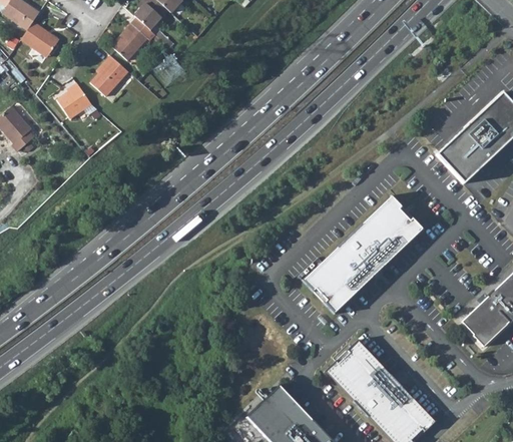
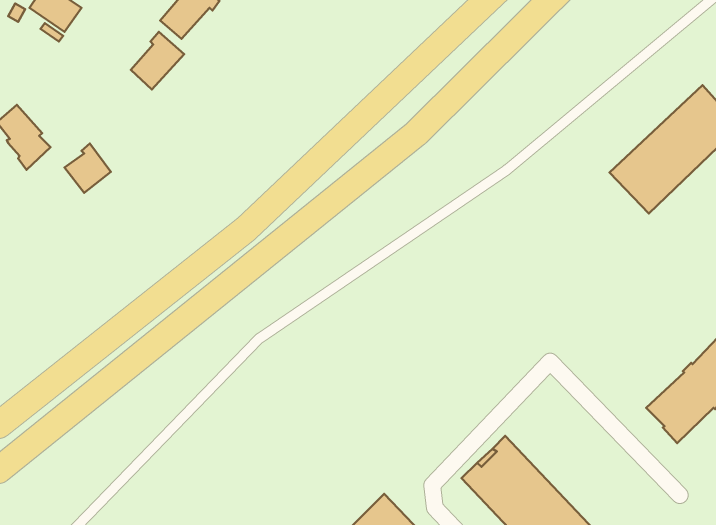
building: [60,83,93,118] -> [65,144,111,193]
building: [301,196,421,315] -> none

